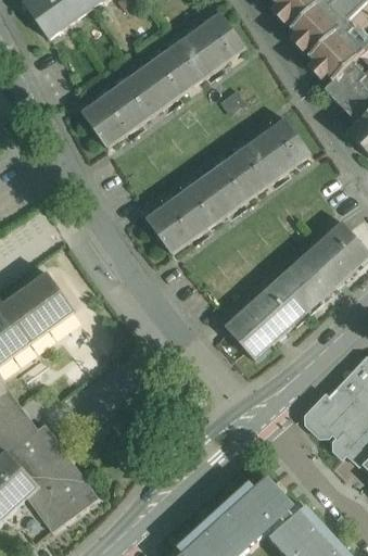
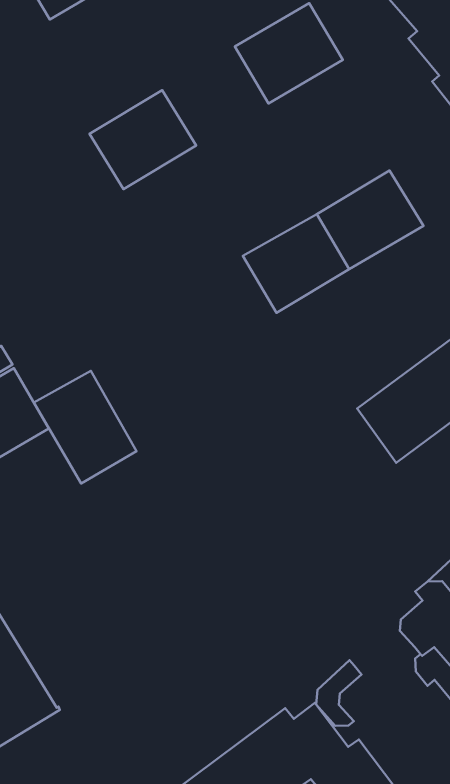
building: [128,45,200,113] -> none
building: [147,184,218,253] -> none
building: none -> [34,371,137,484]
building: [225,278,307,359] -> none
building: [305,393,333,438] -> [316,660,361,726]

